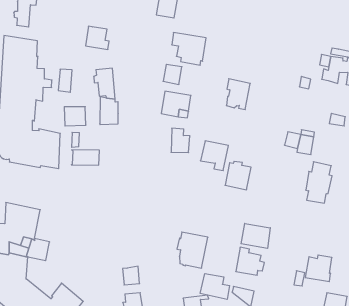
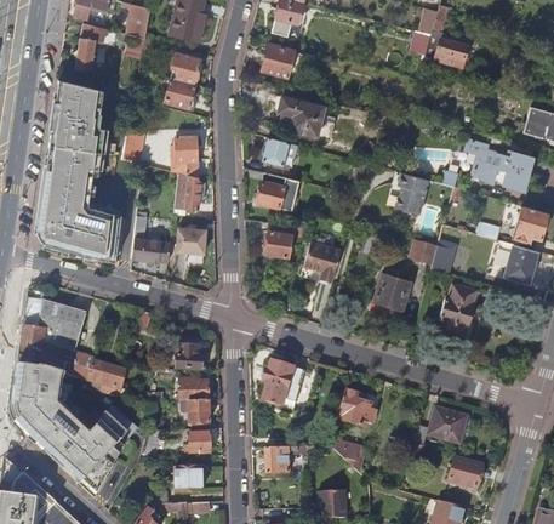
building: none -> [173,53,201,84]
building: [226,79,250,110] -> [396,171,430,213]
building: [64,107,86,126] -> [177,227,206,254]
building: [225,161,251,190] -> [373,272,410,311]
building: [241,223,270,248] -> none
building: none -> [176,346,205,370]
building: none -> [87,358,127,398]
building: none -> [181,377,209,401]
building: [200,274,230,299] -> none

